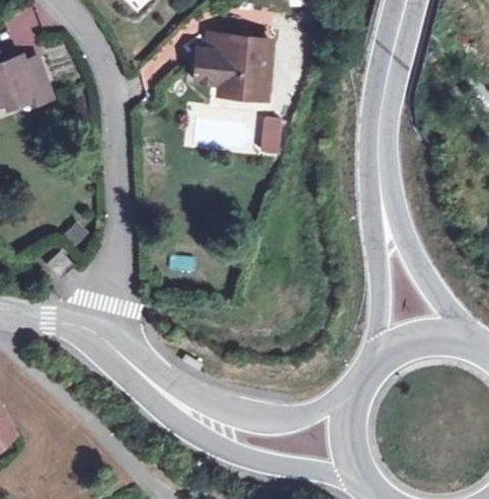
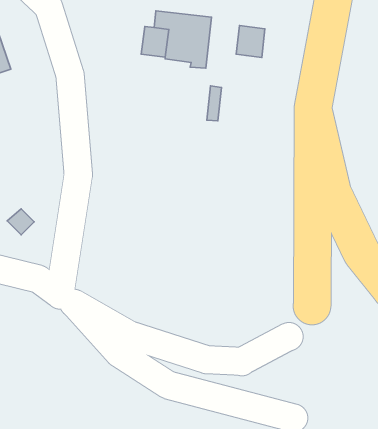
building: none -> [236,25,265,58]

